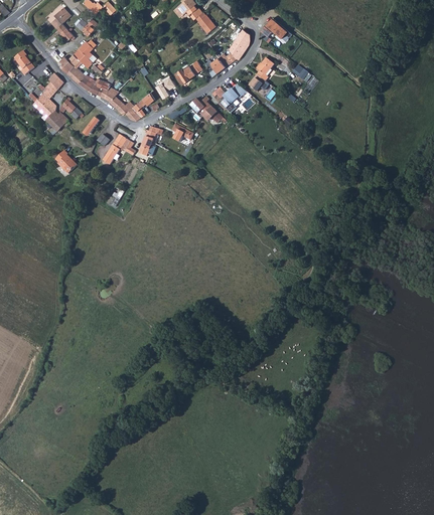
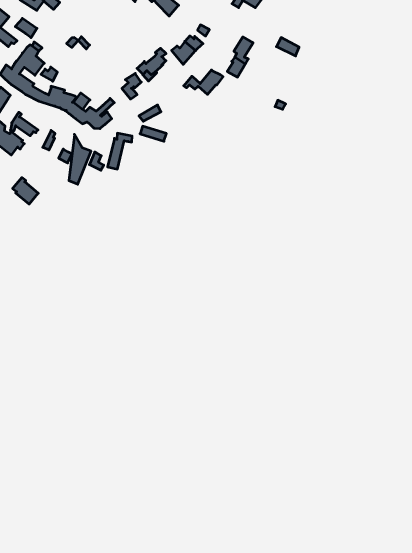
building: [188,96,226,123] -> none

